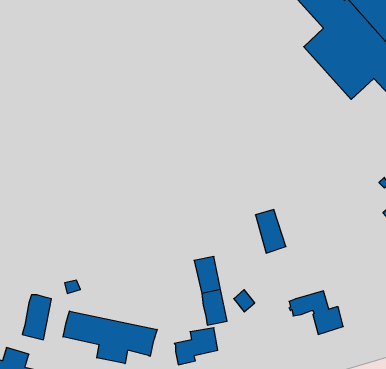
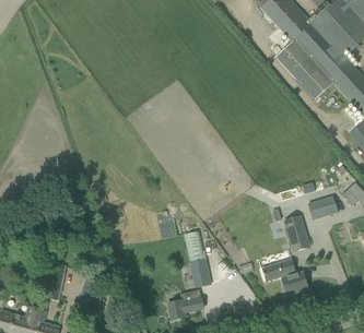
building: [255,210,286,253] -> [284,214,309,250]
building: none -> [307,194,338,218]
building: [63,311,157,364] -> none

